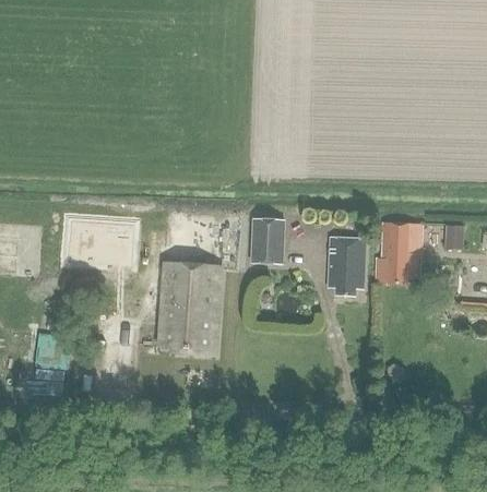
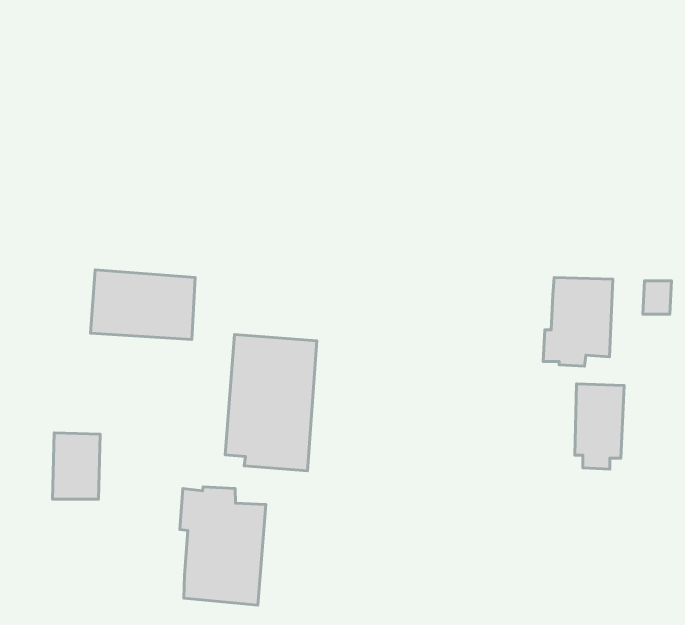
building: [250,217,285,264] -> none
building: [329,238,363,297] -> [575,384,624,469]
building: none -> [180,487,266,605]

